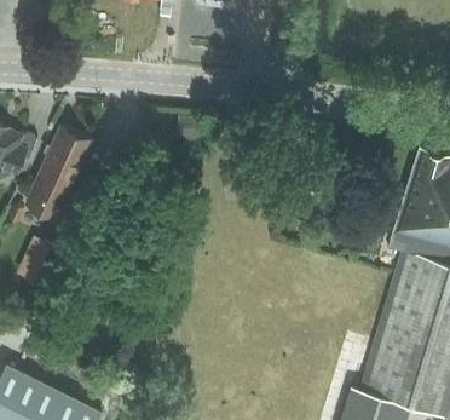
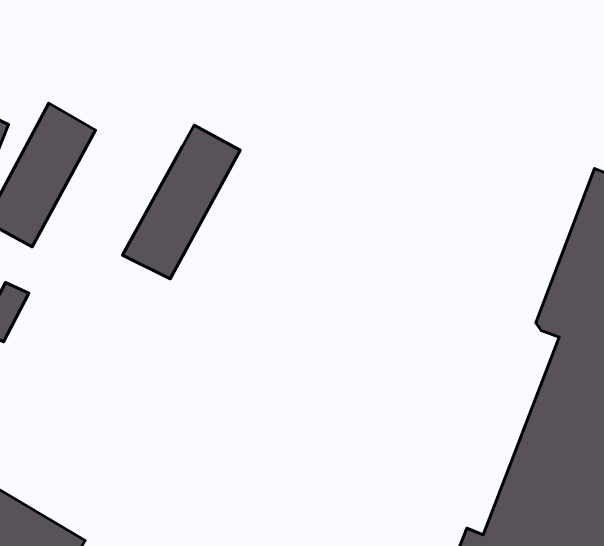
building: none -> [123,125,240,279]

